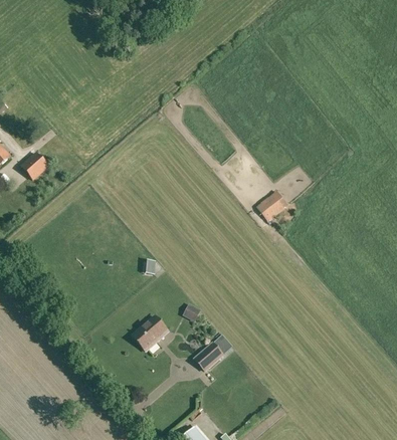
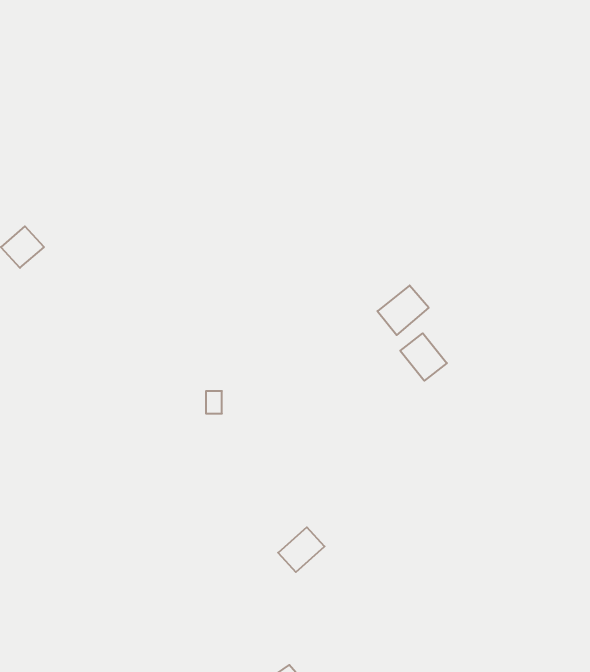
building: none -> [400,333,447,381]
building: [133,314,168,350] -> none

